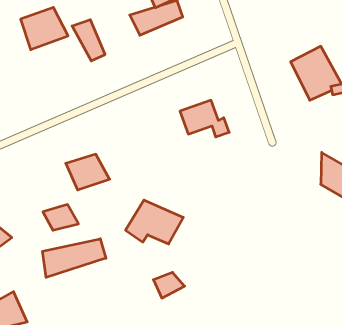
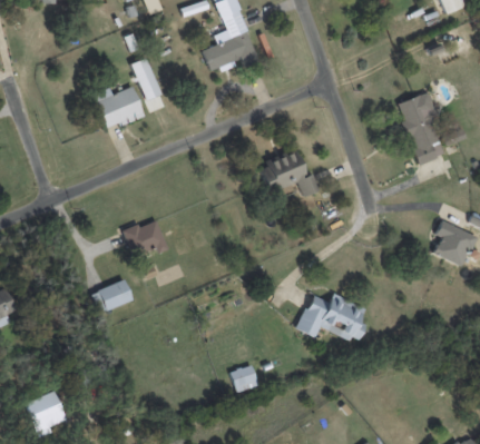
building: [21,7,68,50] -> [91,85,149,136]
building: [126,200,183,244] -> [294,289,364,343]
building: [43,239,106,277] -> none

